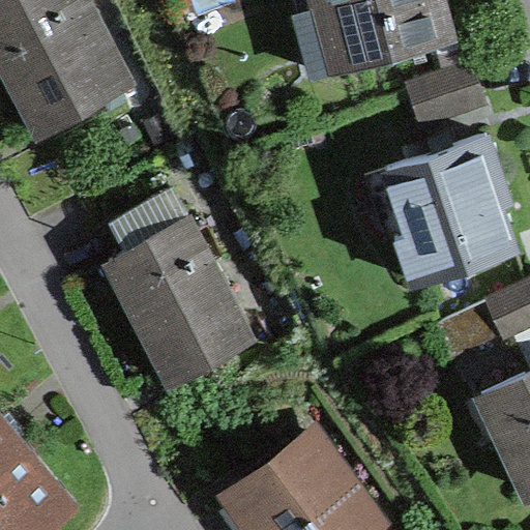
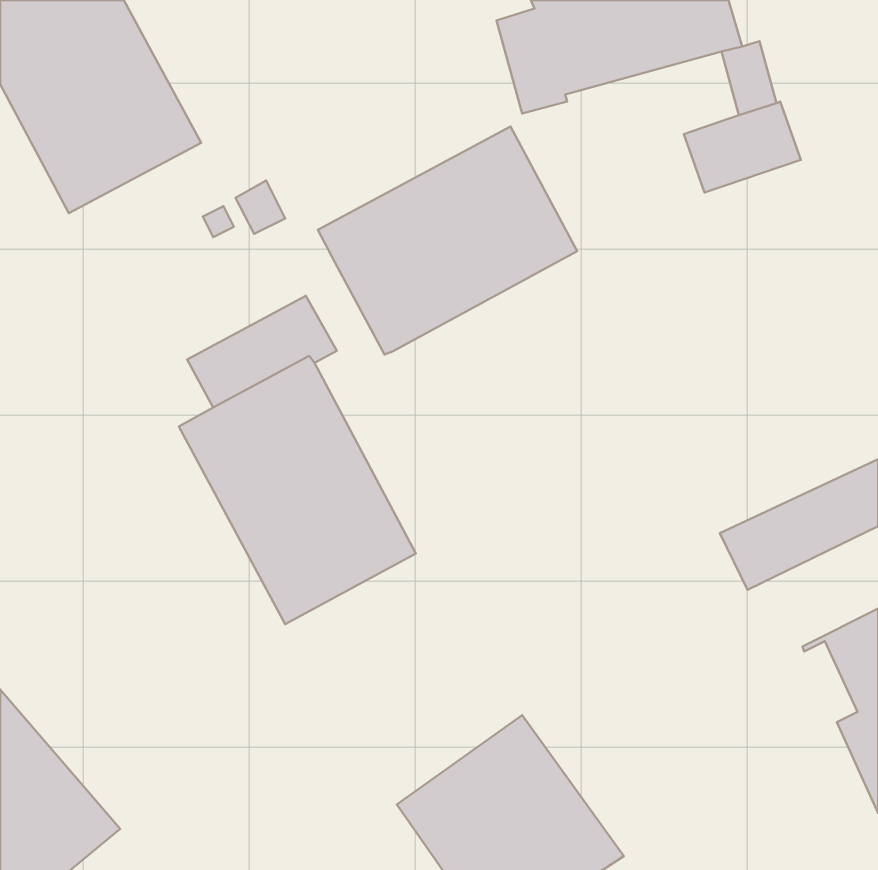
building: none -> [318,126,577,354]
building: [387,136,514,283] -> none

